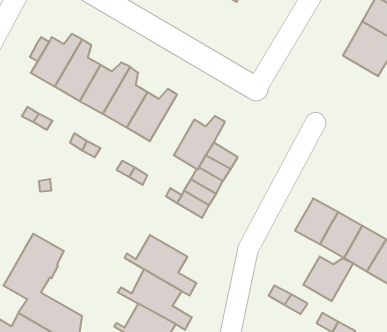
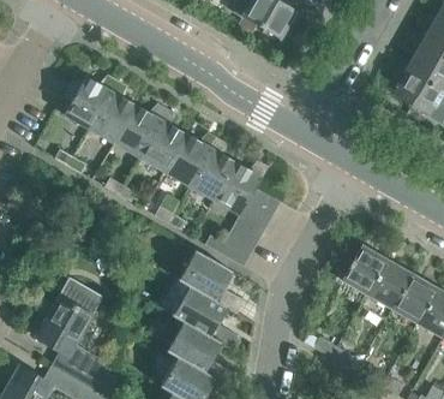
building: none -> [188,136,235,200]
building: none -> [167,249,245,312]
building: [303,256,353,301] -> none

